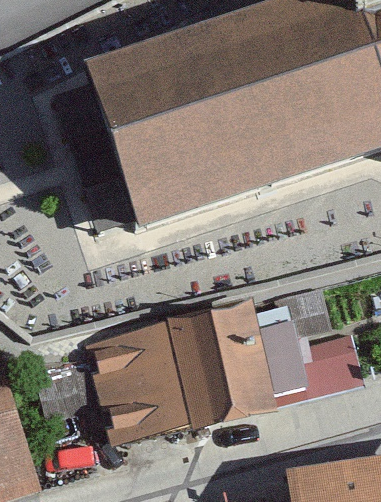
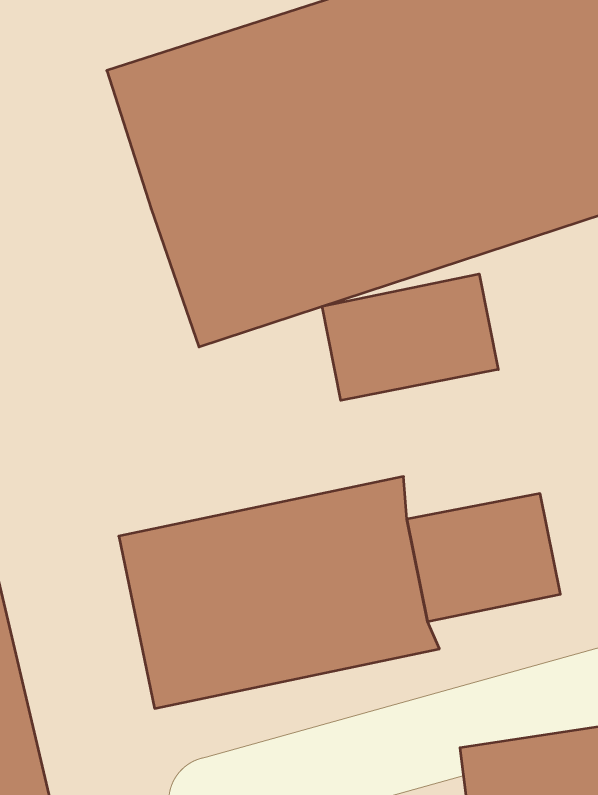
building: none -> [322,274,498,400]

